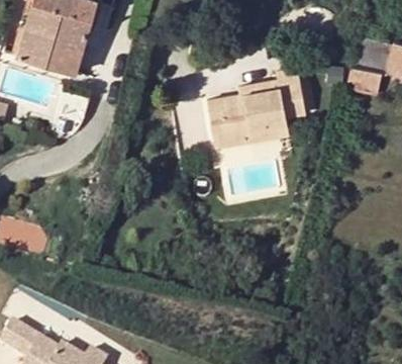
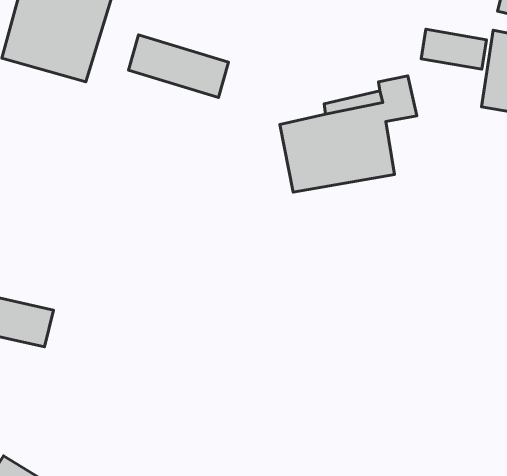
building: none -> [421,29,487,69]
building: none -> [129,35,229,98]

